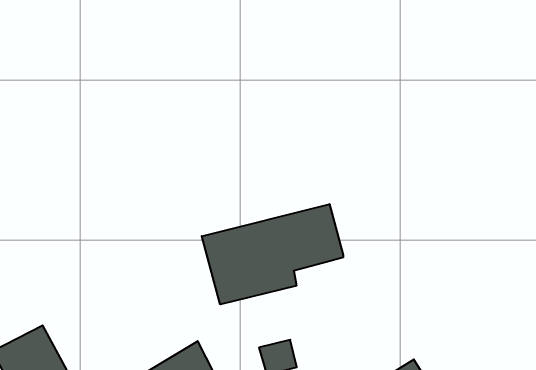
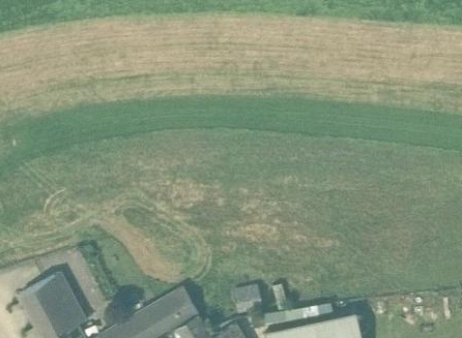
building: [202,204,343,304] -> none

